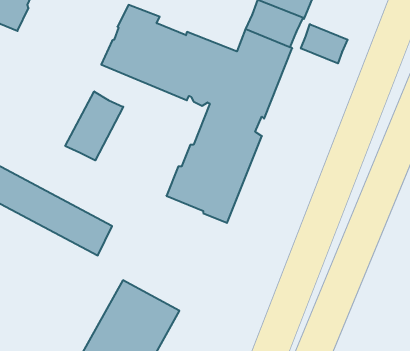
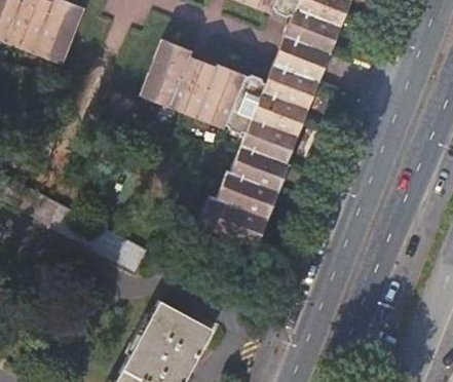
building: [301,24,348,63] -> none
building: [65,91,123,160] -> none

